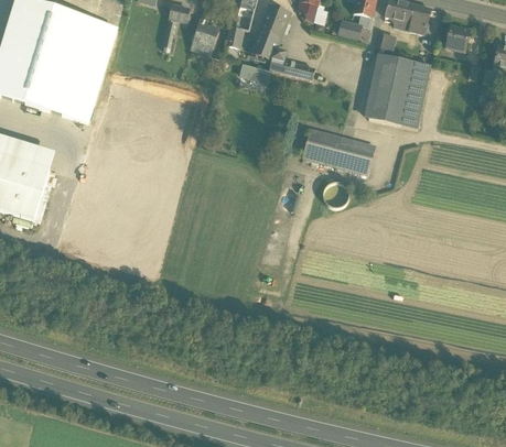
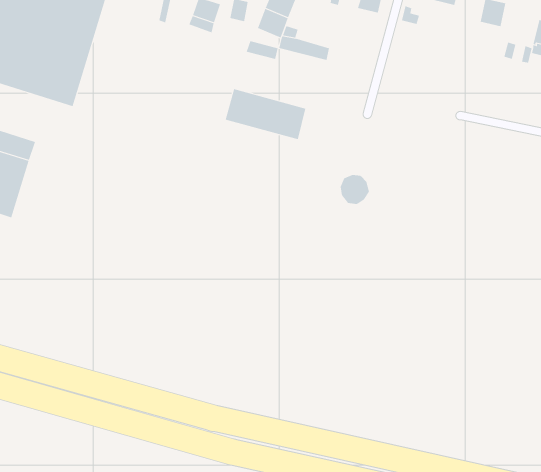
building: [368,54,431,128] -> none
building: [303,128,375,173] -> [225,89,306,140]

